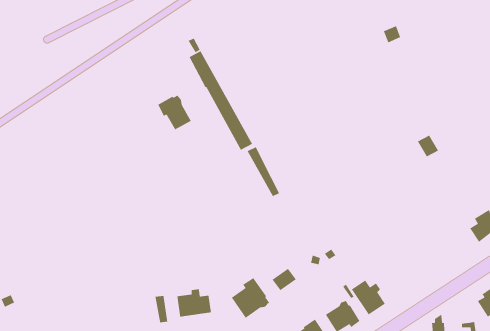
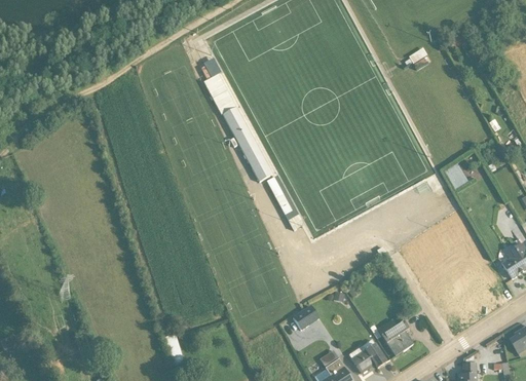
building: [157,94,192,131] -> none
building: [231,277,270,319] -> none
building: [176,289,212,317] -> none

